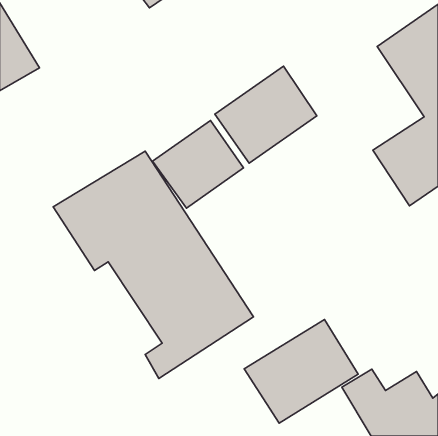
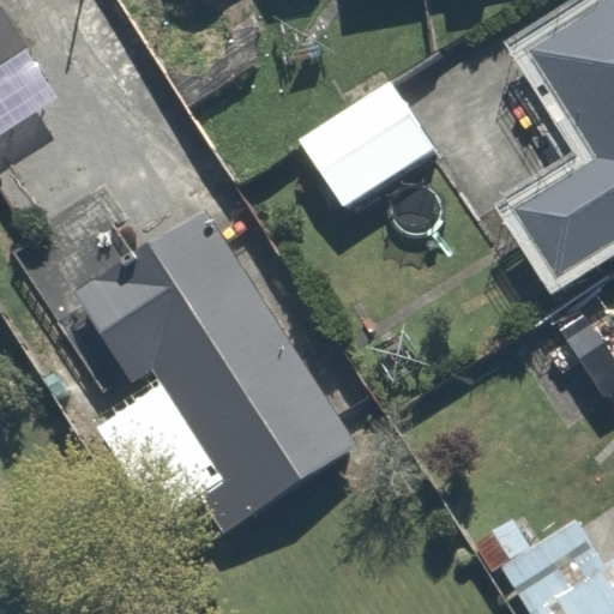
building: [152,121,244,208] -> none
building: [244,319,358,423] -> none

